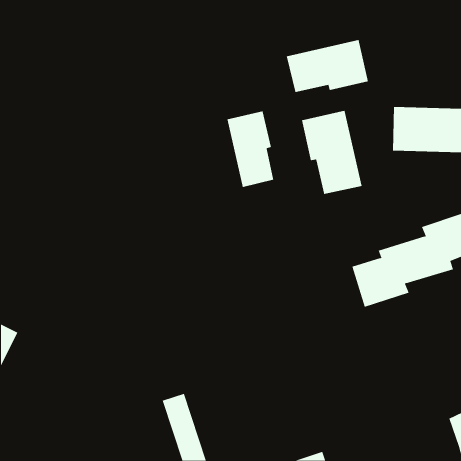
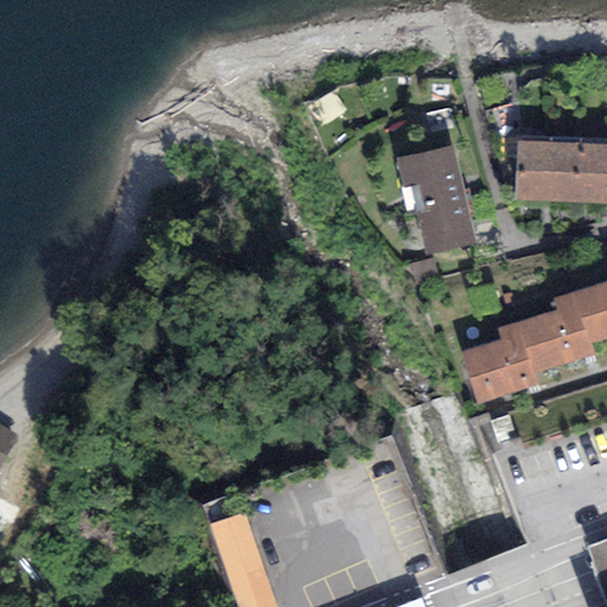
building: [286,39,369,93] -> none
building: [227,110,274,188] -> none

